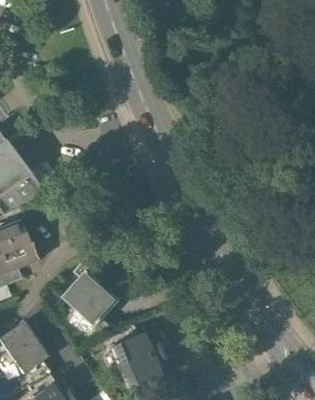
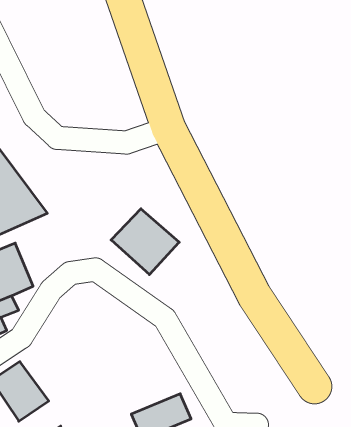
building: [60,270,119,326] -> [111,209,179,275]
building: [110,328,162,367] -> none

